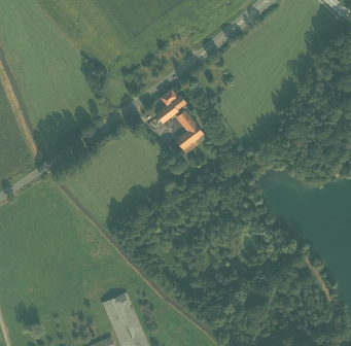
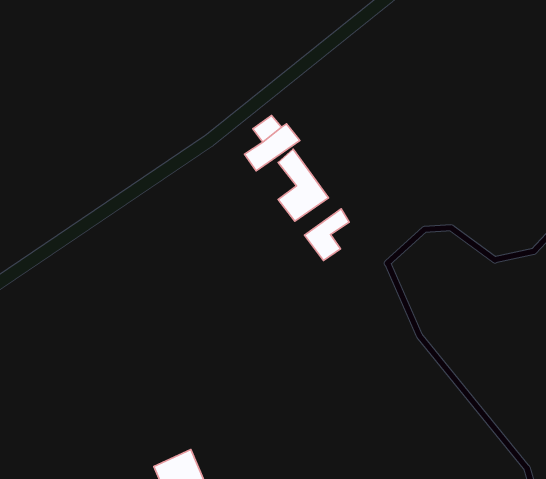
building: none -> [305,209,349,260]

